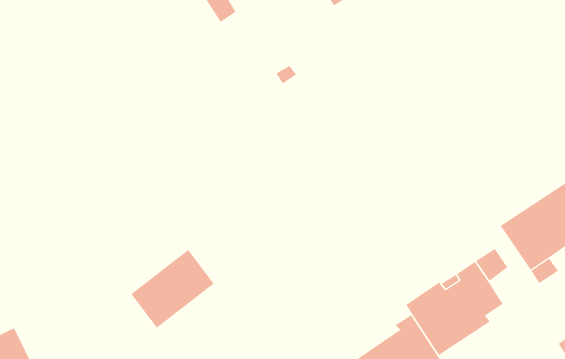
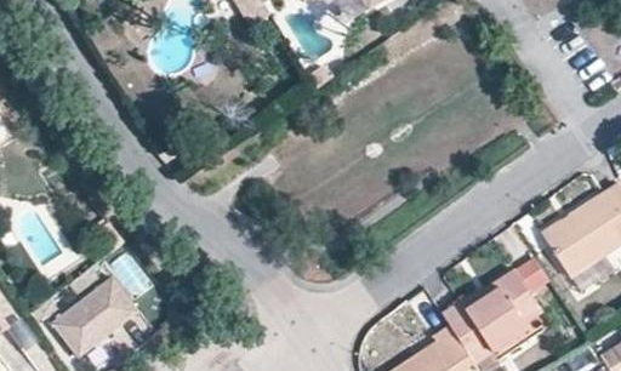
building: [131,249,214,328] -> [52,276,138,358]

